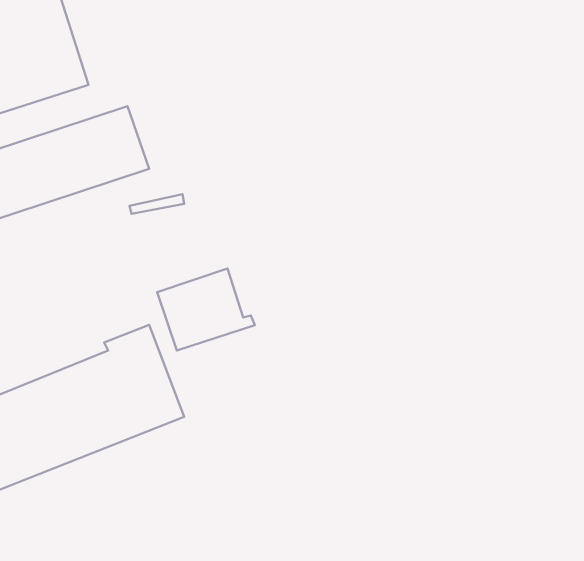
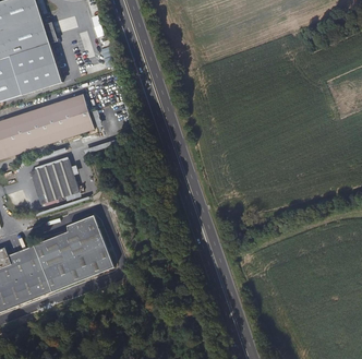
building: [157,269,255,351] -> [29,158,84,204]

